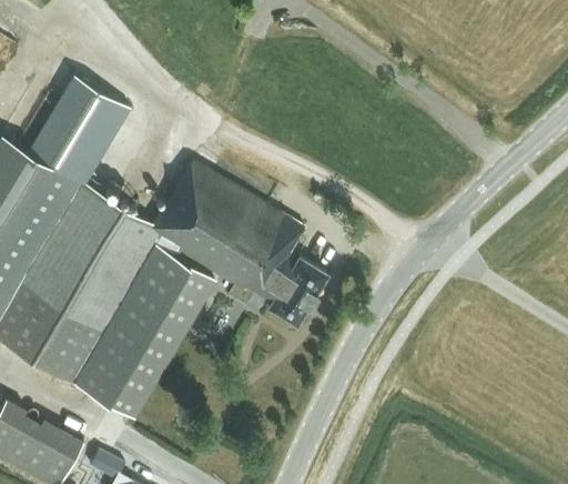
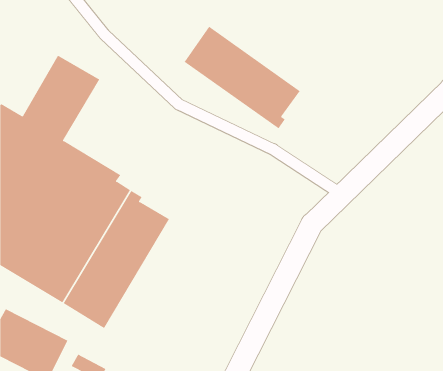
building: none -> [184,26,300,129]
building: [148,158,327,325] -> none

